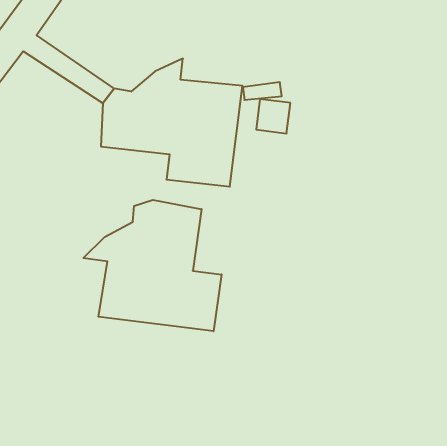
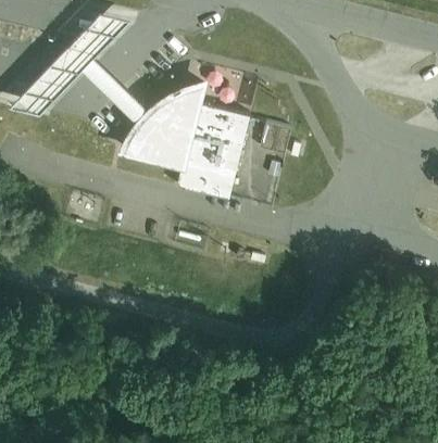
building: [83,200,222,331] -> none

